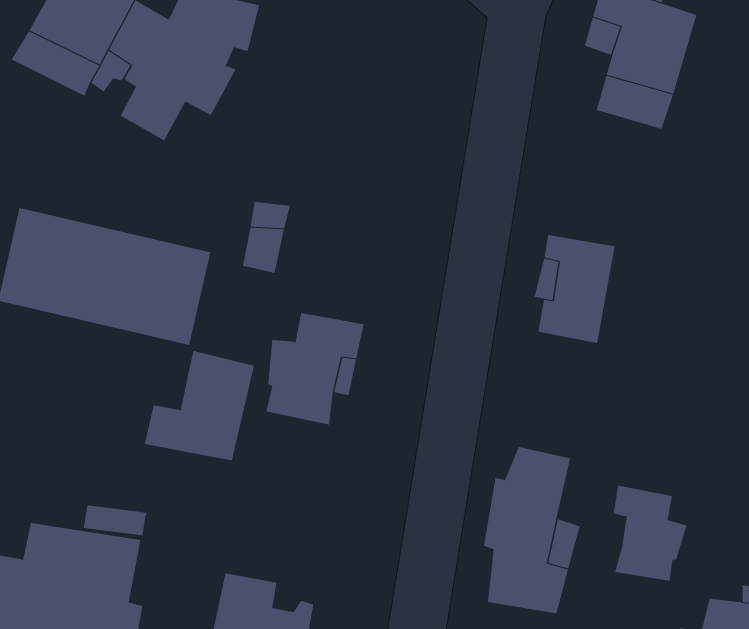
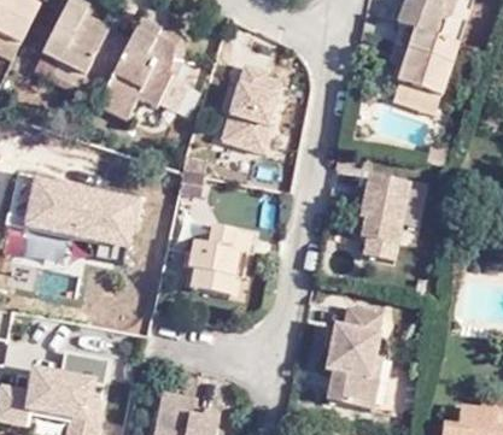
building: none -> [234,63,294,148]
building: [144,350,255,461] -> none
building: [613,485,687,582] -> none

